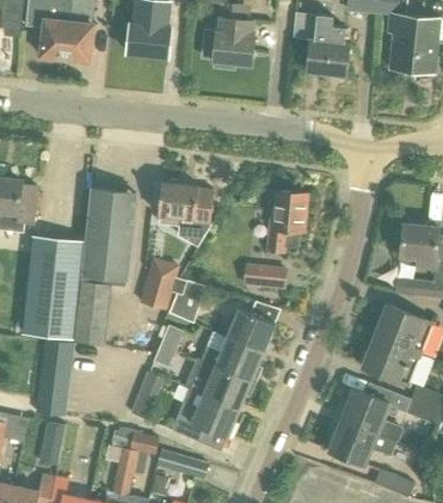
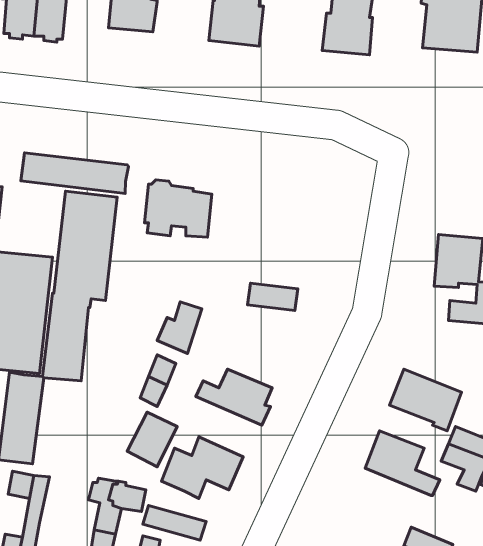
building: none -> [21,153,128,193]
building: [265,191,308,253] -> none
building: [142,258,178,308] -> none
building: [374,303,435,355] -> none
building: [227,307,276,351] -> none
building: [195,358,256,409] -> none
building: [330,418,396,462] -> none

